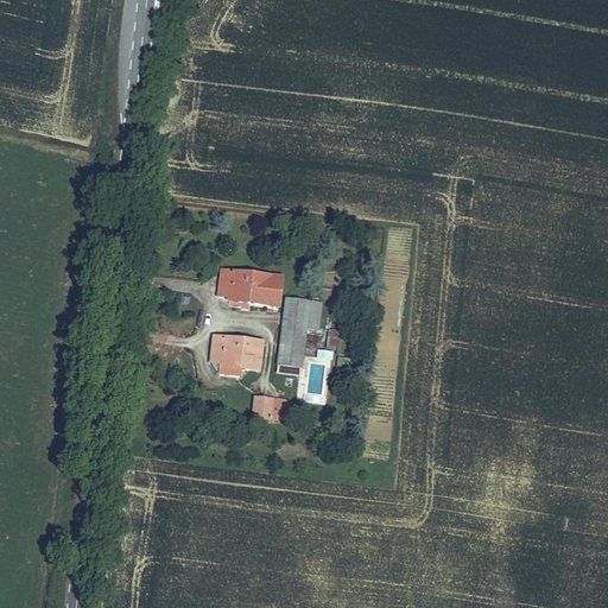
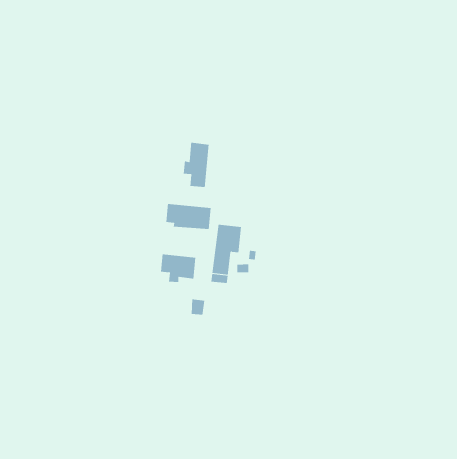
building: none -> [183,142,209,188]

